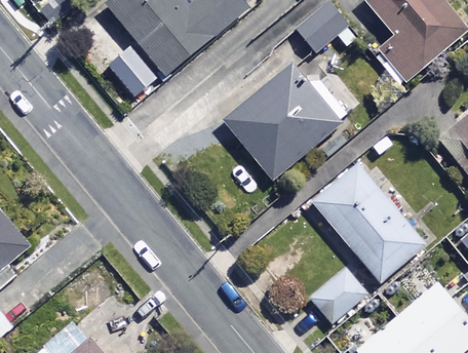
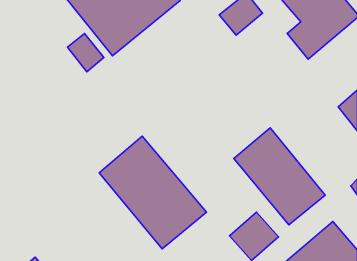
building: [224,61,345,180] -> none
building: none -> [99,136,206,249]

